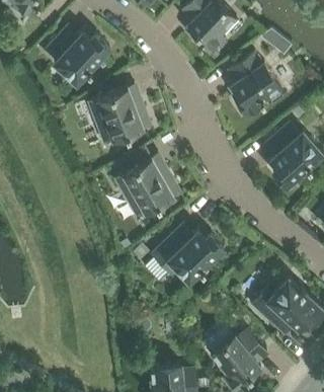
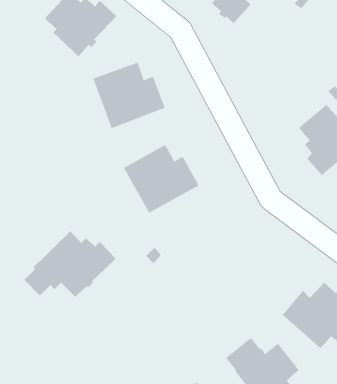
building: [231,53,282,119] -> none
building: [145,224,225,282] -> [23,231,116,298]

